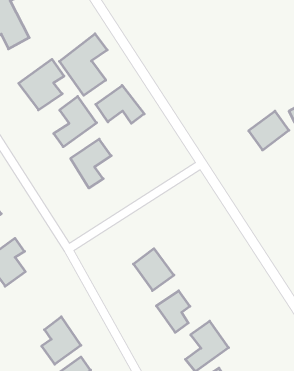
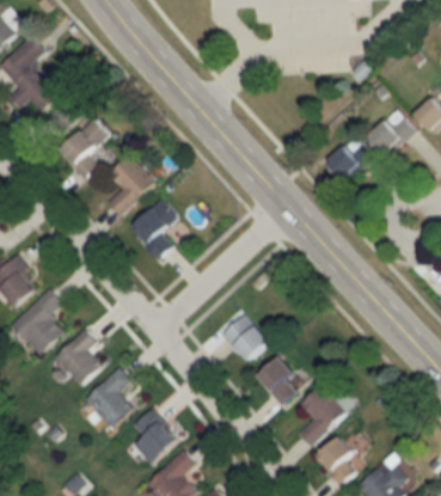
building: [59,34,107,95] -> none
building: [96,85,144,123] -> none
building: none -> [85,367,131,427]

